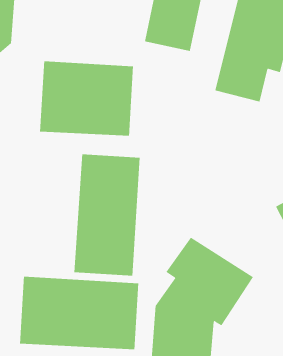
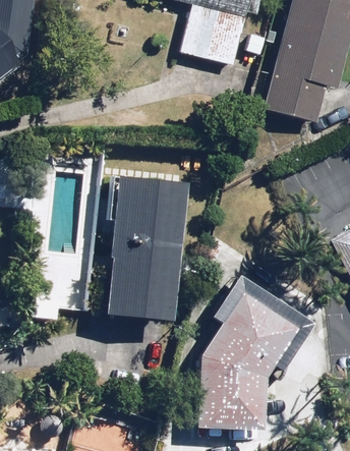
building: [40,60,134,136] -> none
building: [19,276,139,350] -> none

